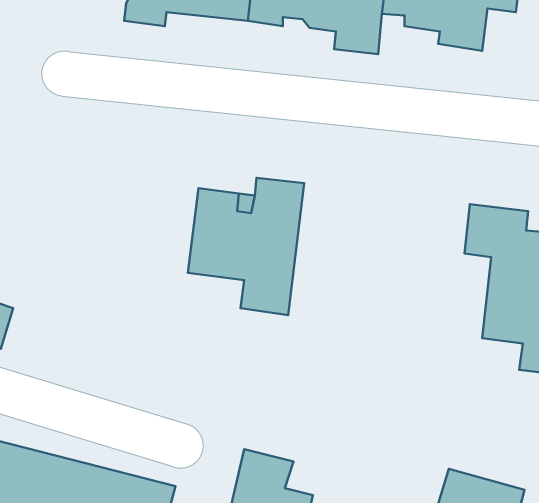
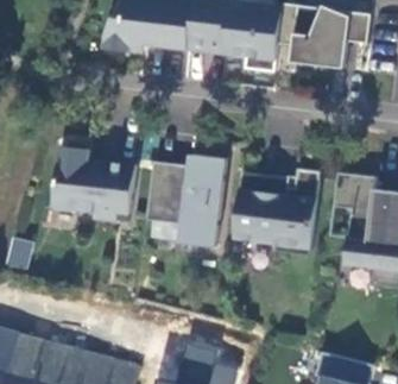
building: none -> [52,141,135,221]
building: none -> [234,170,321,257]

